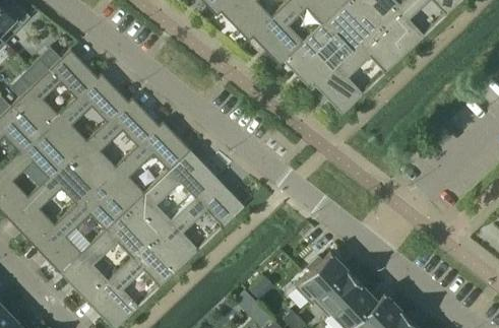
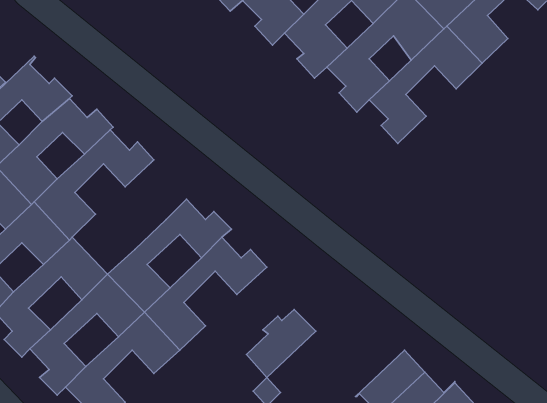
building: [98,128,189,211] -> none
building: [294,252,346,303] -> [247,309,316,378]

